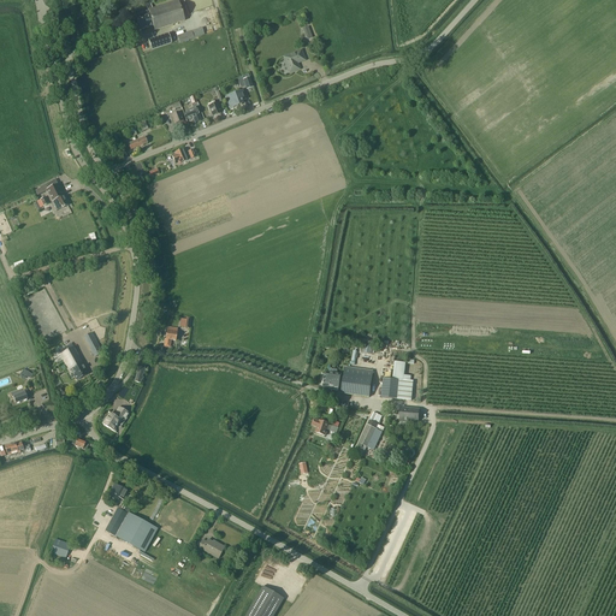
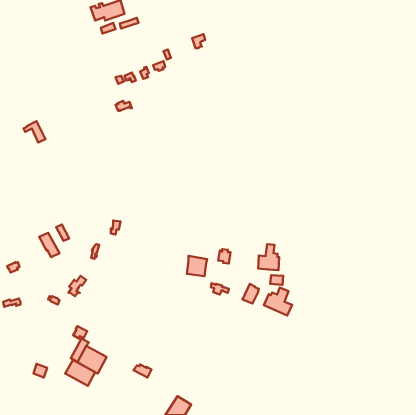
building: [342,366,372,396] -> [187,256,207,276]
building: none -> [264,287,292,316]
building: none -> [65,360,95,386]

